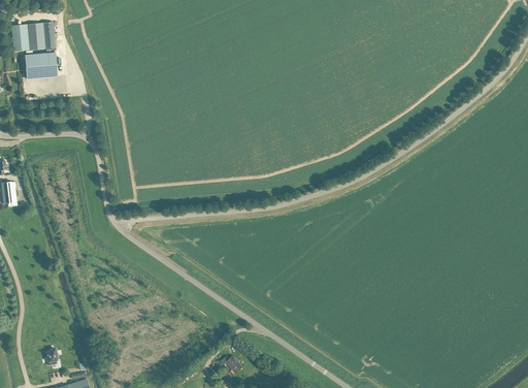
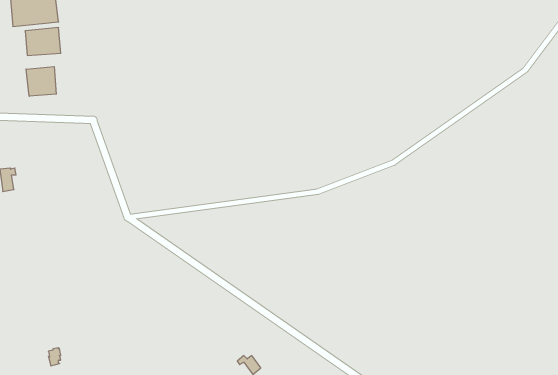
building: none -> [26,67,56,96]

